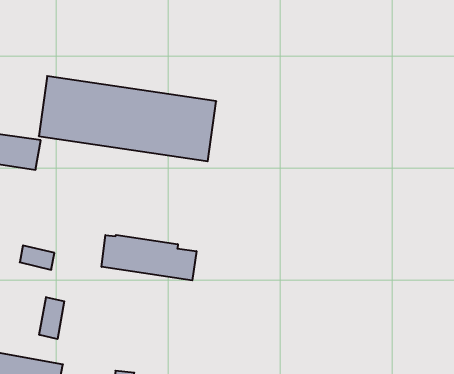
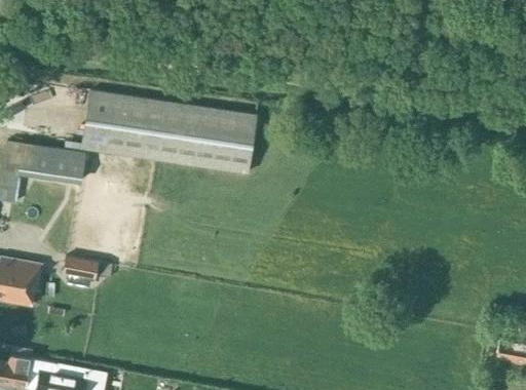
building: [102,235,196,280] -> none
building: [39,297,64,339] -> none

